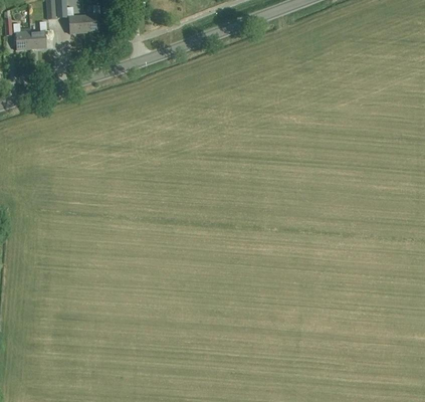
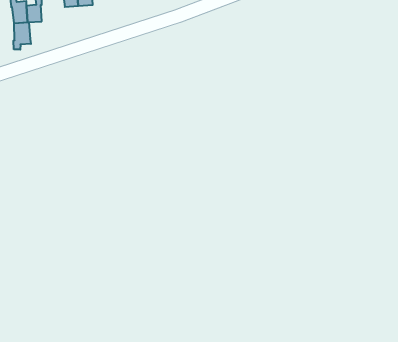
building: none -> [14,22,31,50]

